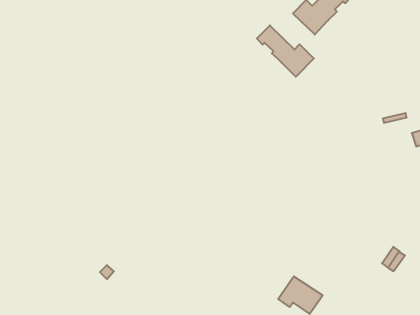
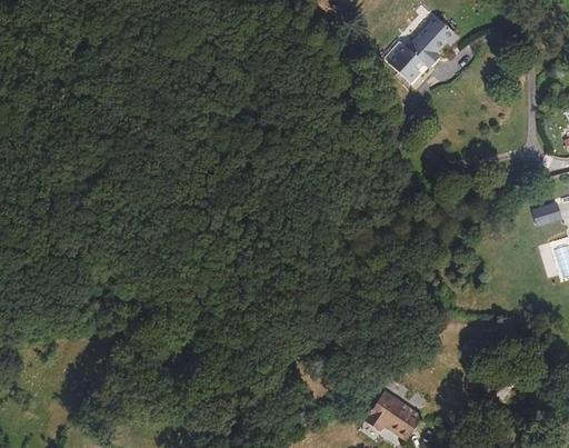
building: [257,25,314,77] -> none

